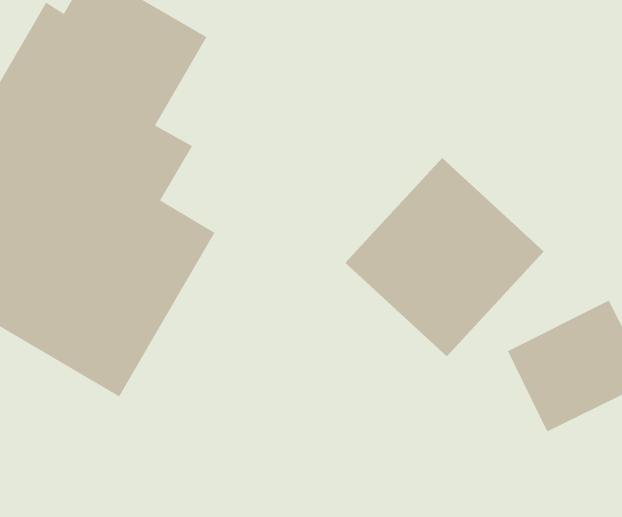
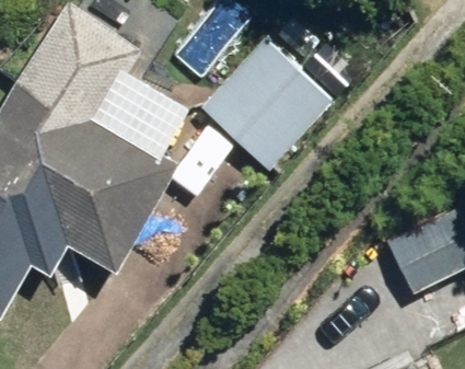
building: [345,157,545,357] -> [196,34,333,171]

